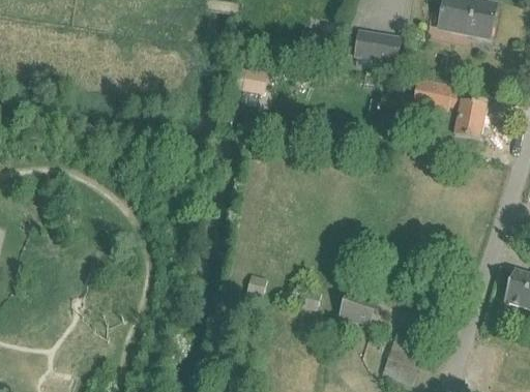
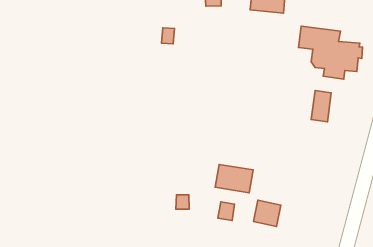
building: none -> [311,91,331,122]
building: none -> [215,164,253,193]

